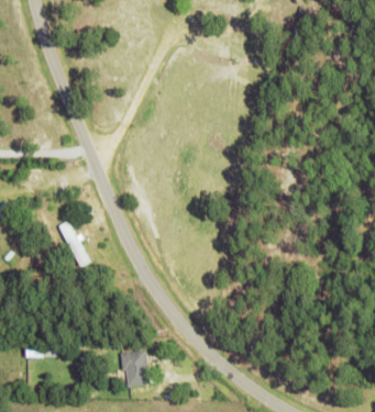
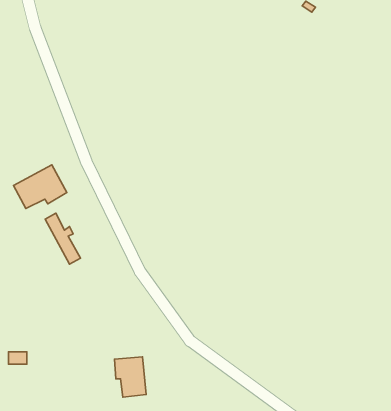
building: none -> [14,165,67,209]

